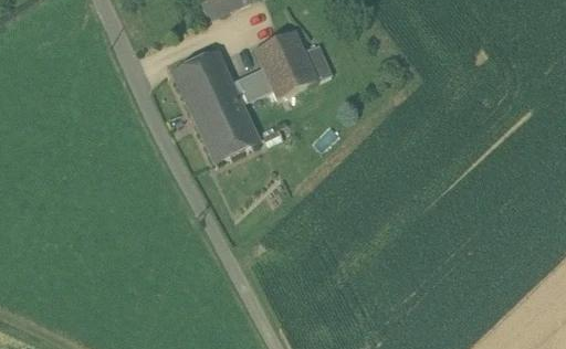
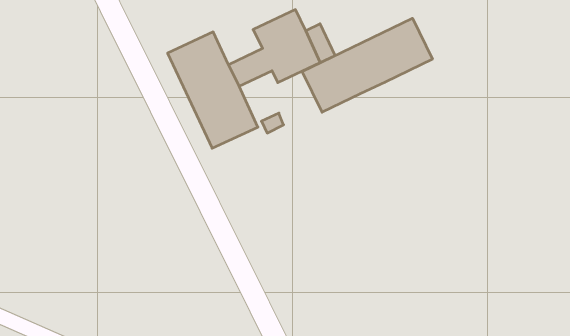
building: none -> [302,18,432,112]

